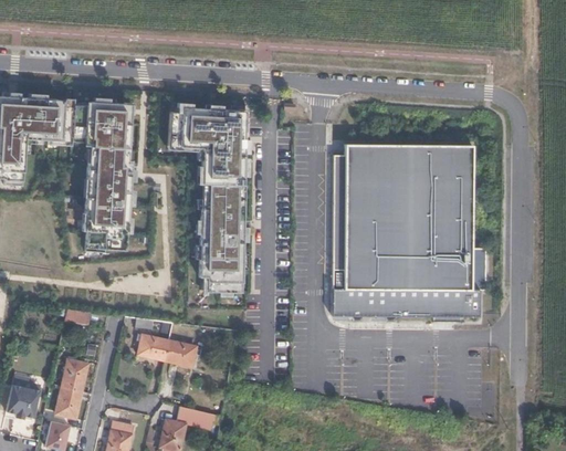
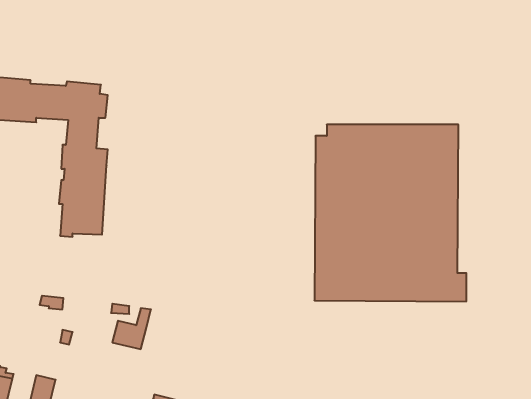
building: [169,107,245,293] -> none
building: [164,340,195,368] -> none
building: [62,360,86,391] -> none

